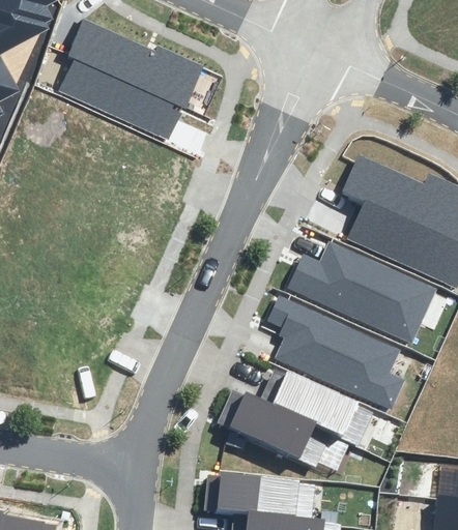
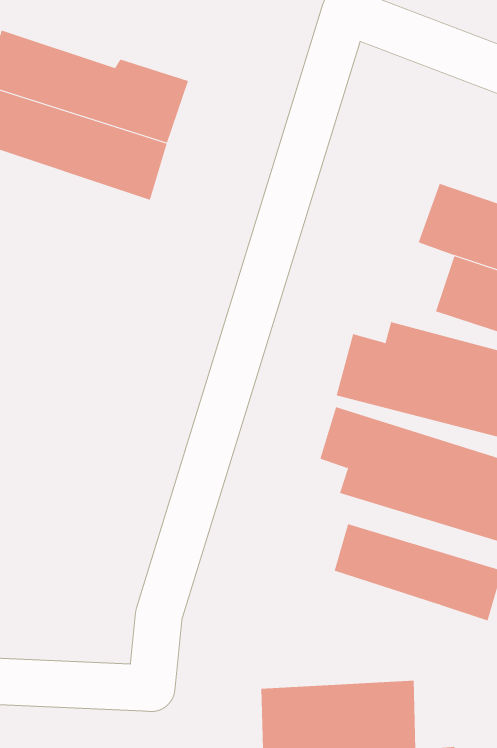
building: [218,387,328,464] -> none

